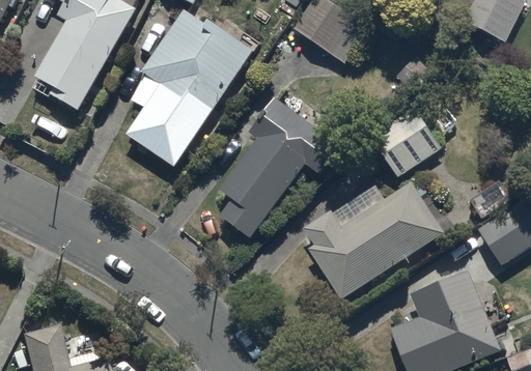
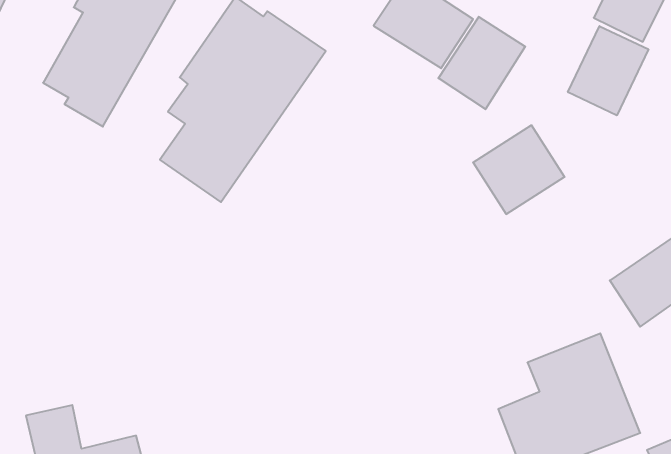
building: none -> [438,17,525,109]
building: none -> [568,26,648,115]
building: [219,95,342,238] -> none
building: [302,179,447,301] -> none

